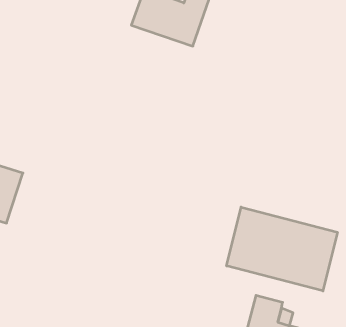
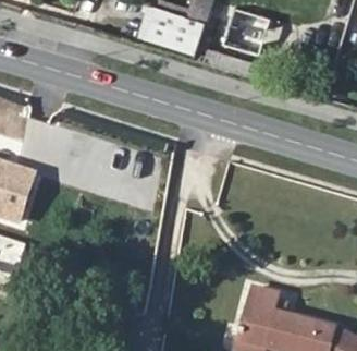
building: none -> [223,13,268,59]
building: [227,207,337,291] -> none

